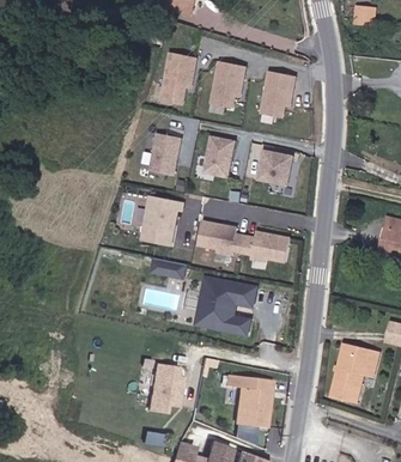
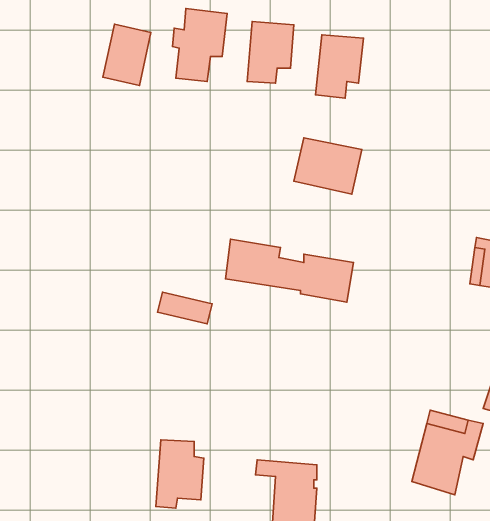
building: [148,130,183,175] -> [103,24,151,85]
building: [203,135,233,176] -> none
building: [140,194,183,245] -> none
building: [203,280,262,336] -> none

